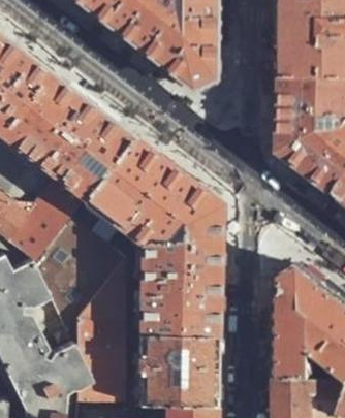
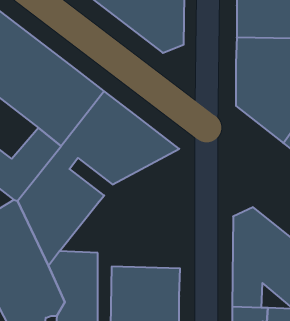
building: [140,200,220,335] -> none
building: [82,260,126,318] -> none

